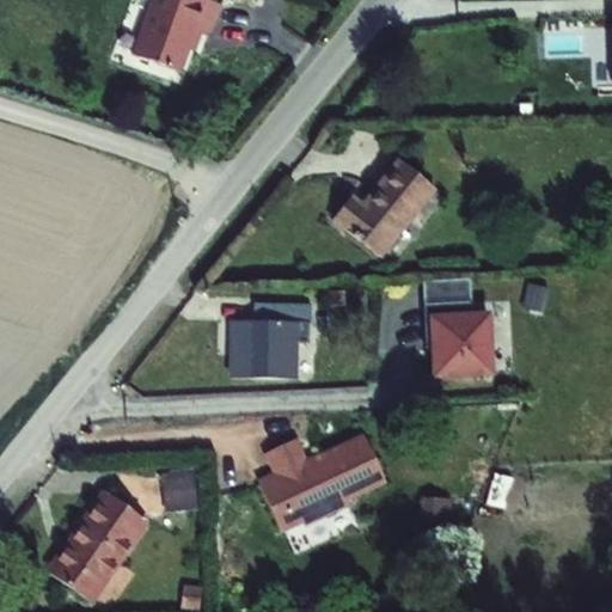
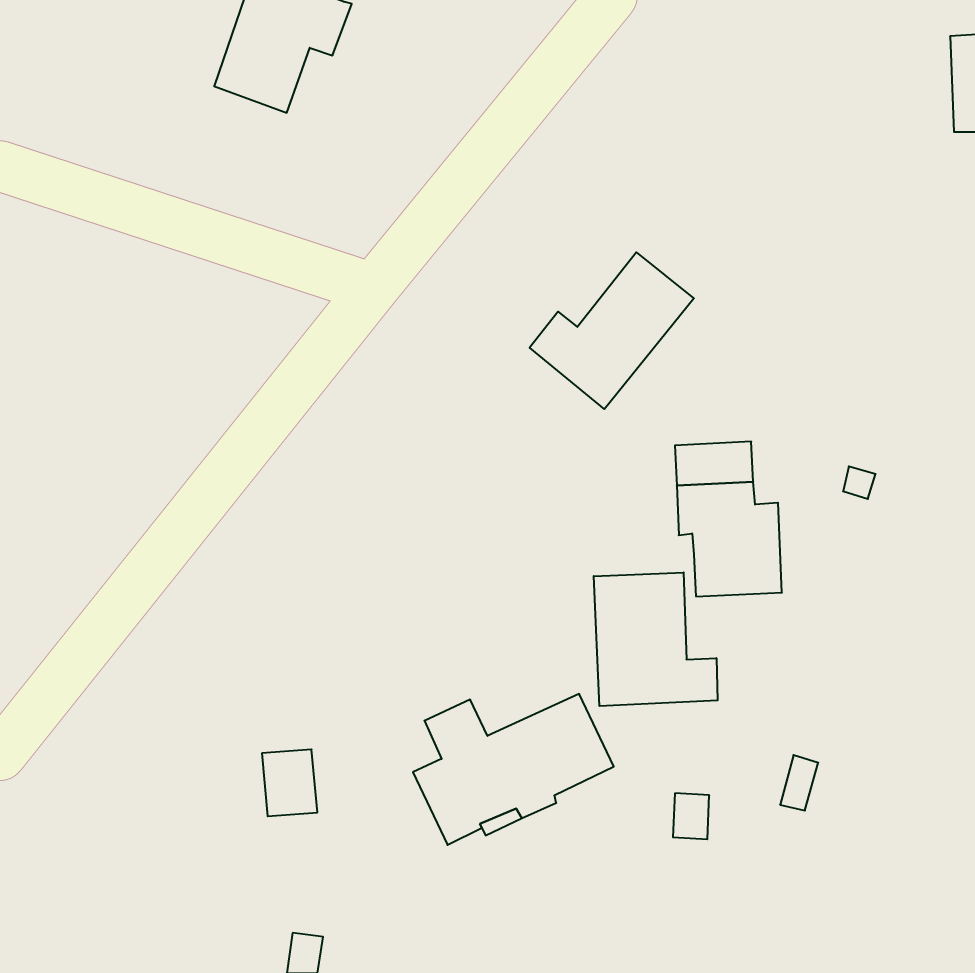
building: [232,302,311,379] -> none
building: none -> [594,572,718,706]
building: [50,491,147,600] -> none

